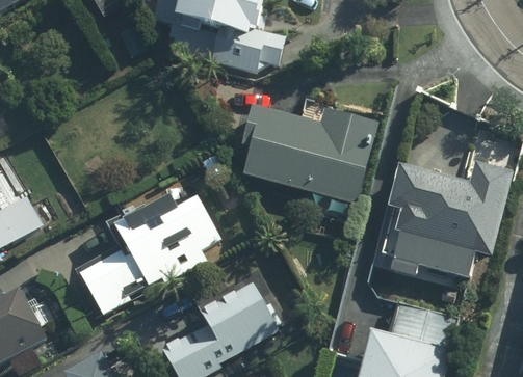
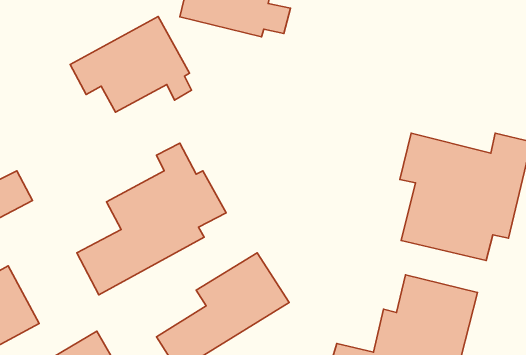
building: none -> [70,16,192,112]
building: [240,104,372,241] -> none

